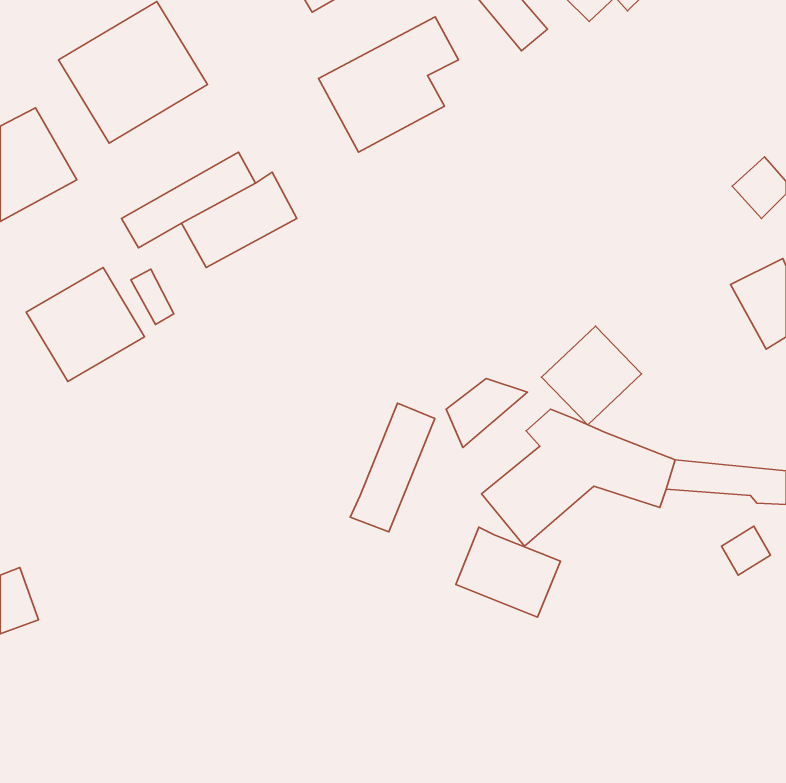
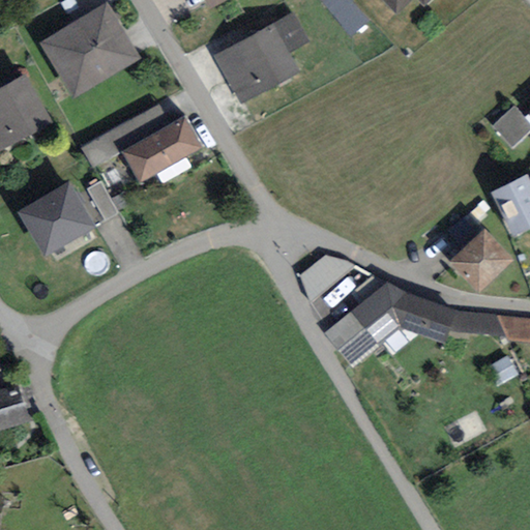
building: [542,326,642,425] -> [448,227,516,293]
building: [350,403,435,532] -> none
building: [456,527,560,617] -> none

